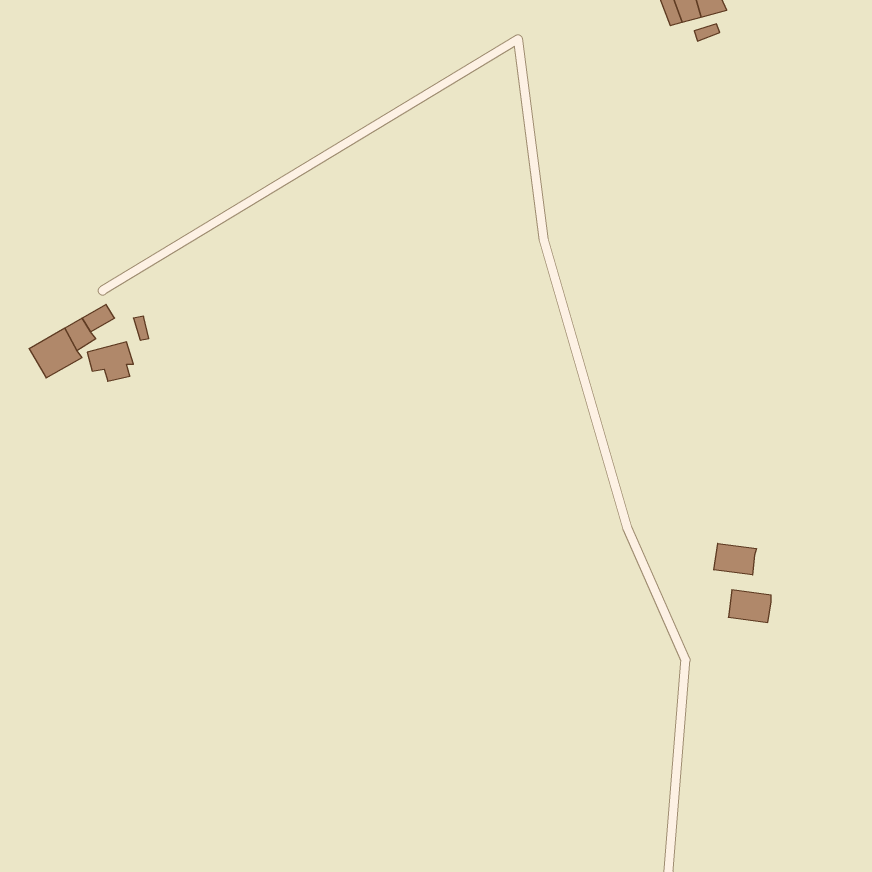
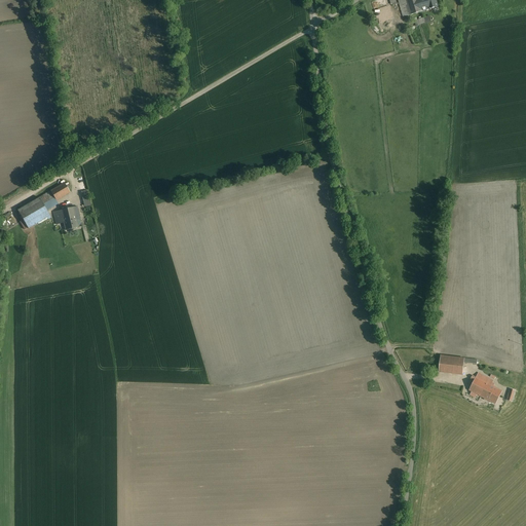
building: [714,543,756,575] -> none
building: none -> [468,373,501,403]

